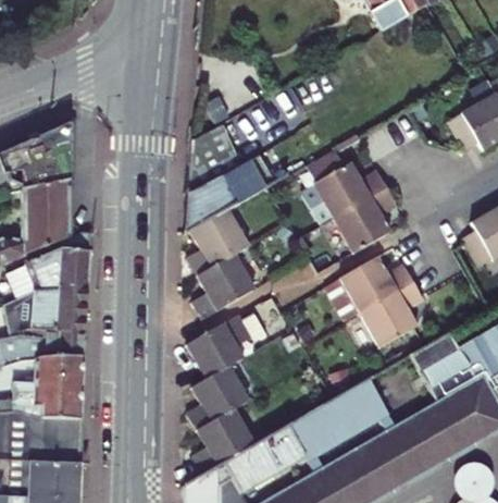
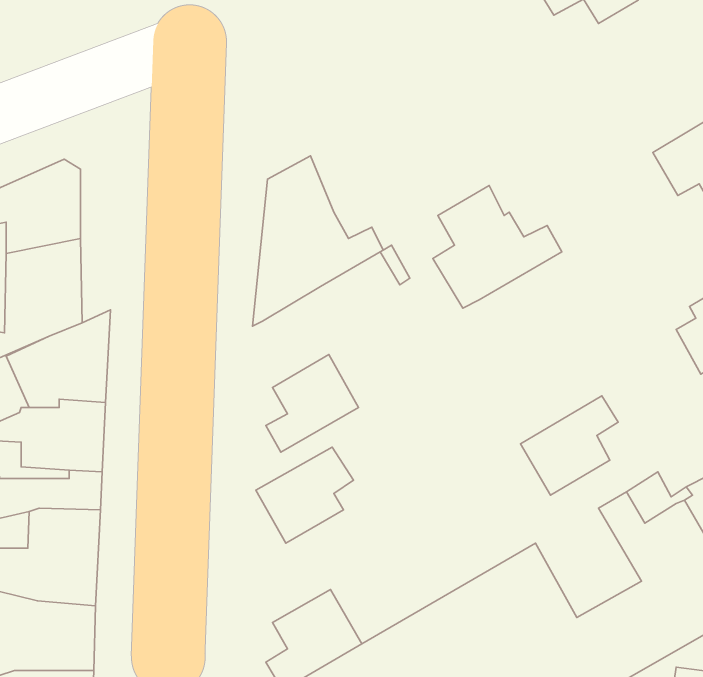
building: [333,186,397,253] -> none
building: [186,209,249,275] -> none
building: [338,254,413,312] -> none
building: [187,365,249,430] -> none

